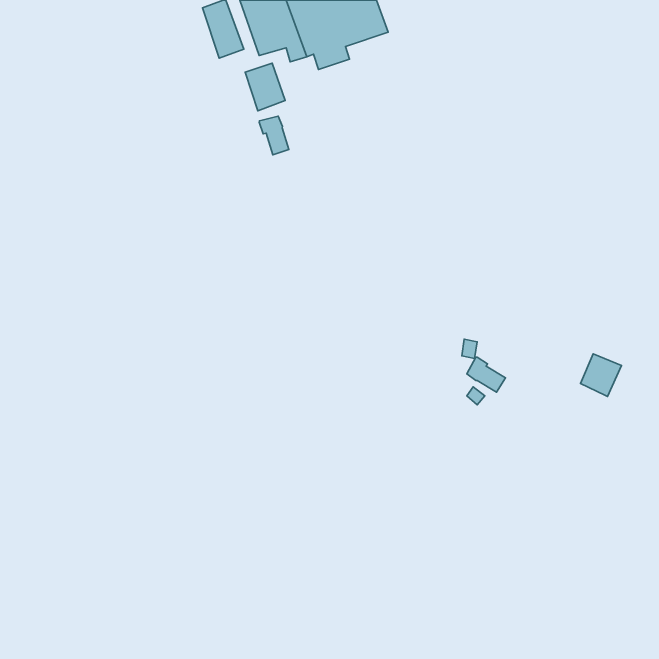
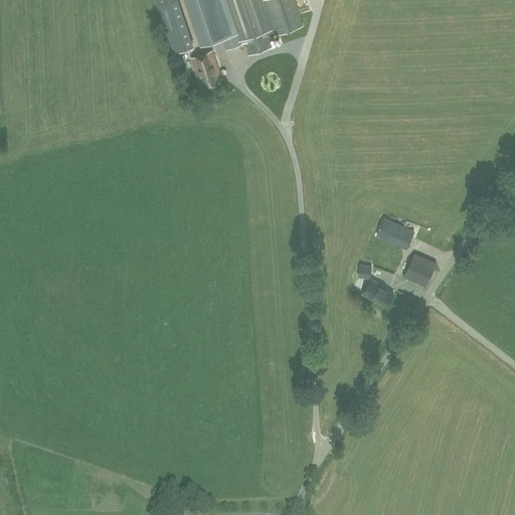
building: [259,116,289,155] -> none
building: none -> [377,218,414,248]
building: [580,354,622,396] -> [403,253,436,287]

